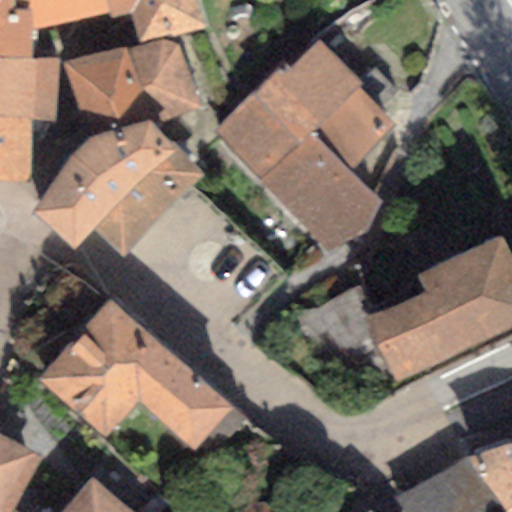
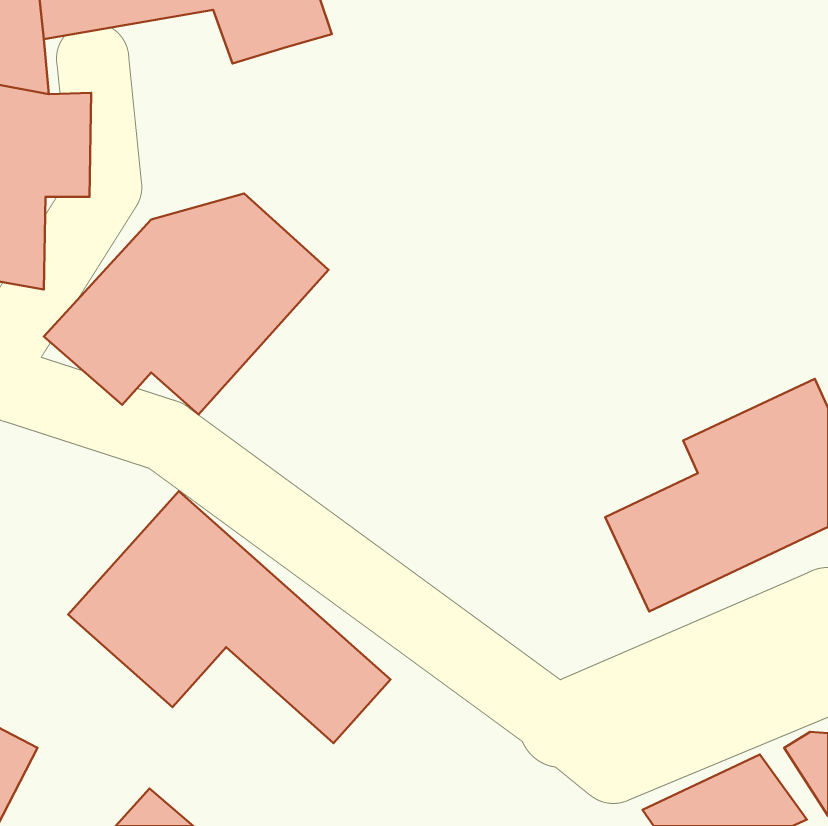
building: [71,29,198,135] -> none
building: [218,43,395,252] -> none

